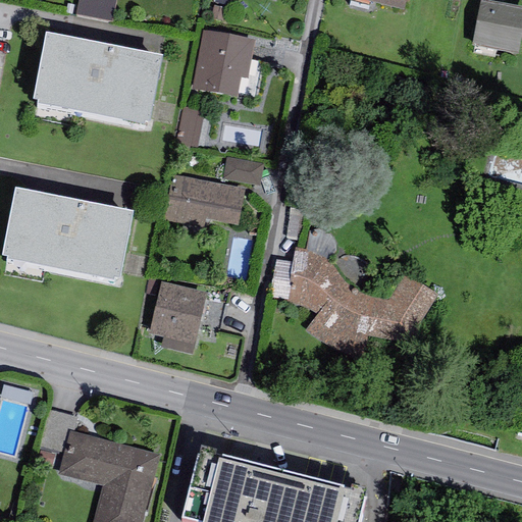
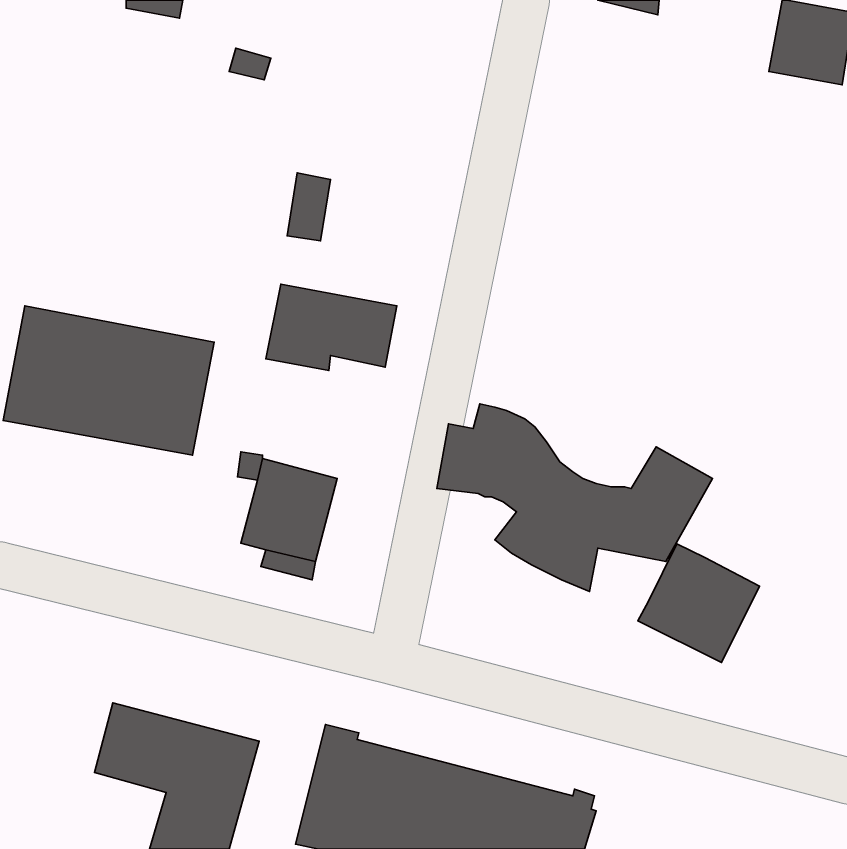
building: [193,31,255,98] -> none
building: [33,32,163,124] -> none
building: [223,157,264,187] -> none
building: none -> [638,544,760,662]

